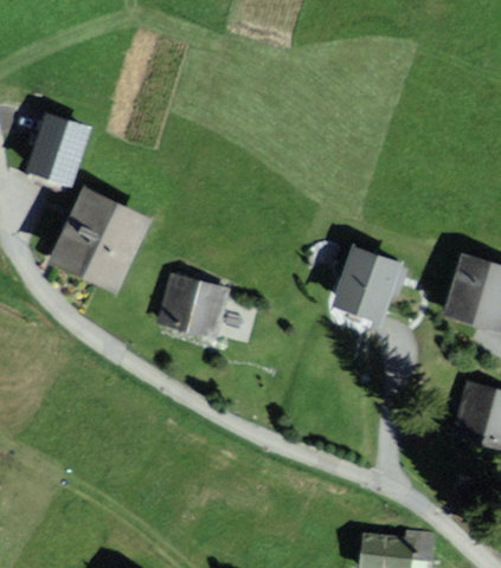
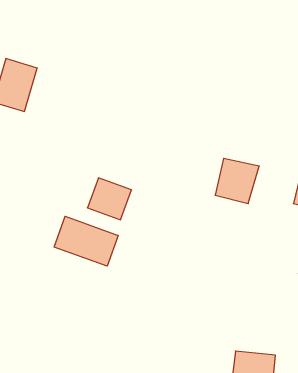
building: [51,196,135,284] -> none
building: none -> [54,216,118,266]

